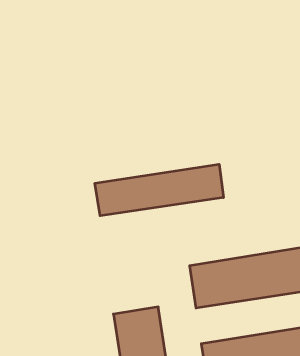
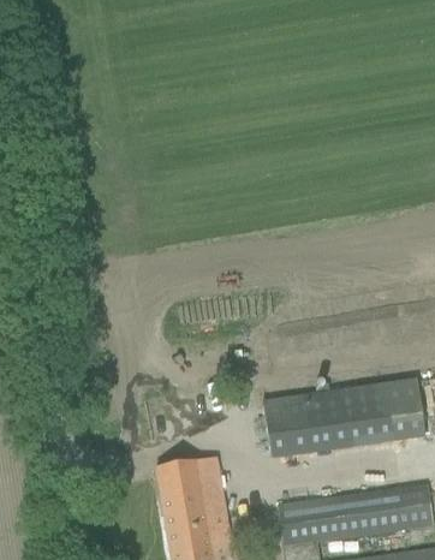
building: [95,164,223,216] -> none

